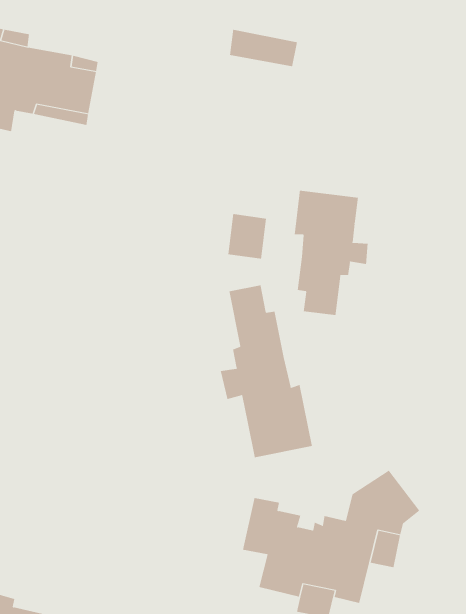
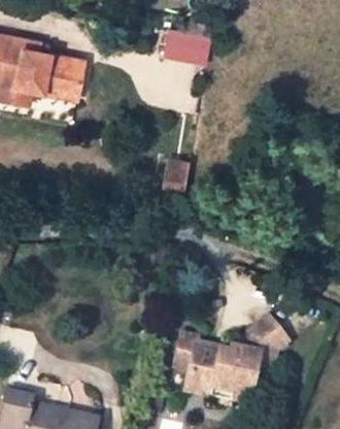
building: [294,190,368,316] -> none
building: [220,284,312,458] -> none

